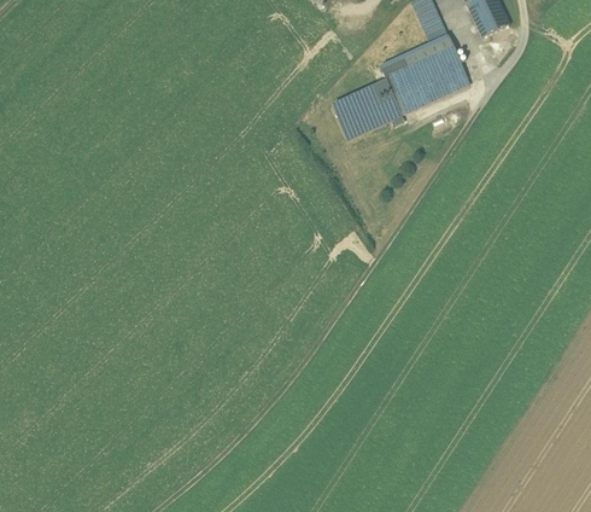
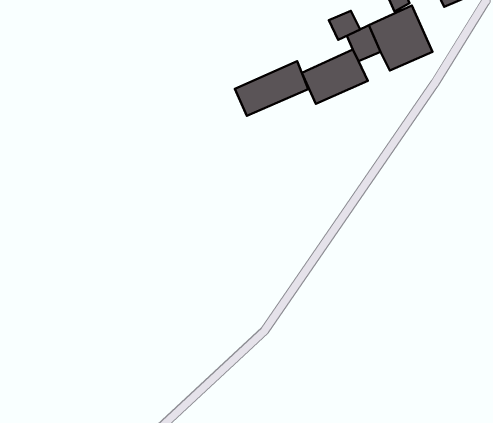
building: [392,82,425,112] -> [329,11,360,40]
building: none -> [235,61,308,116]

